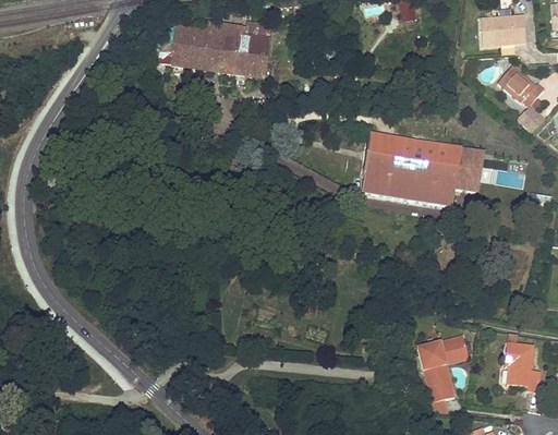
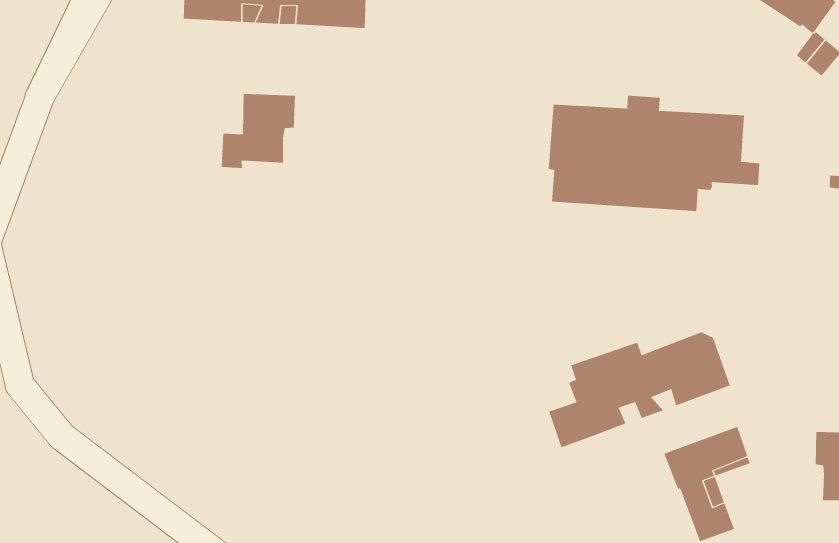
building: none -> [221,93,296,169]
building: none -> [548,331,730,448]

